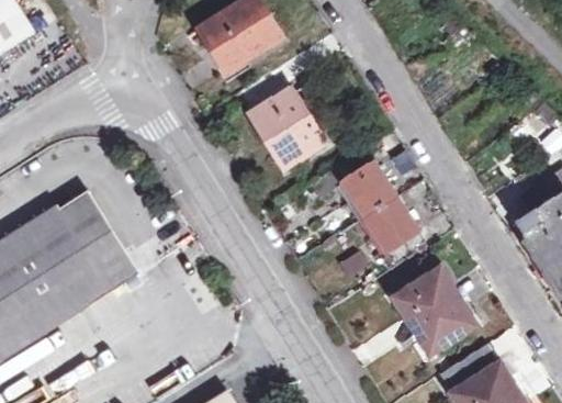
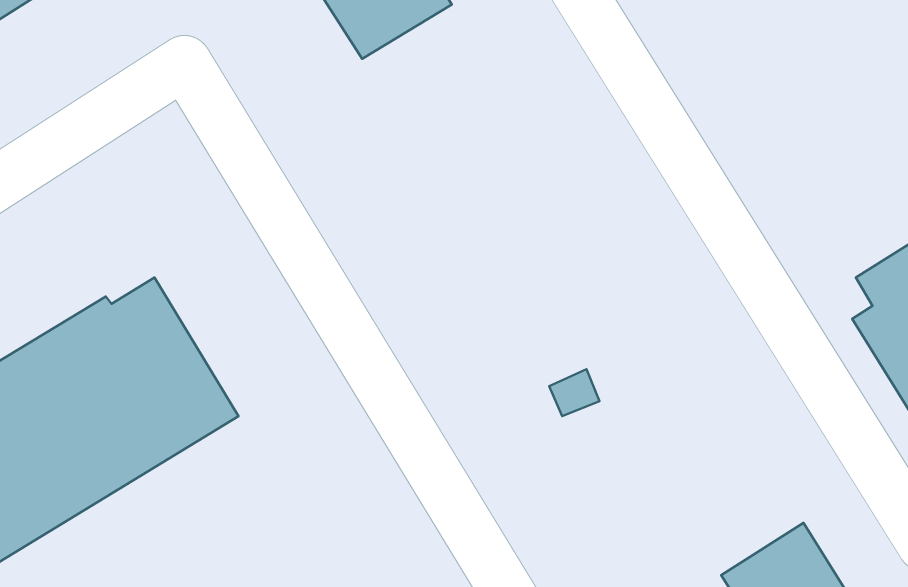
building: [249,88,316,167] -> none
building: [304,147,419,266] -> none
building: [387,268,469,346] -> none

